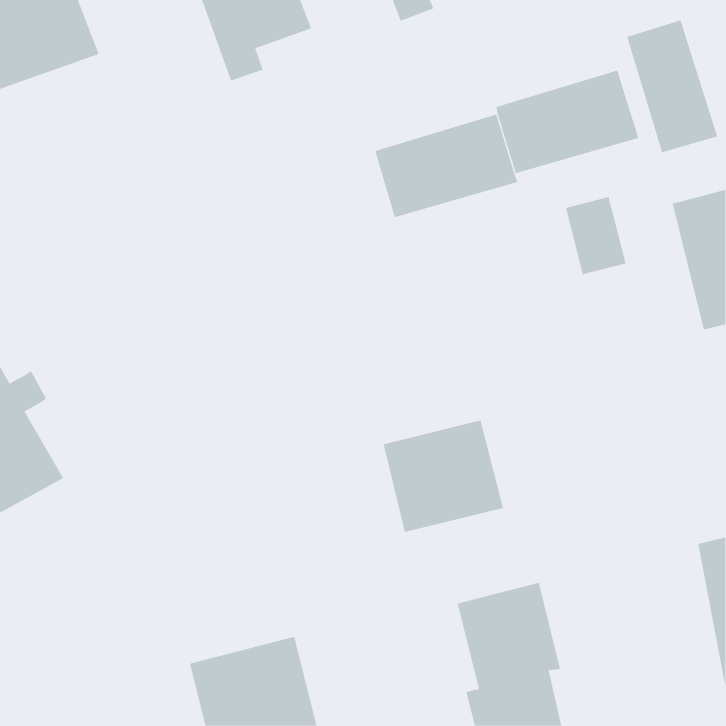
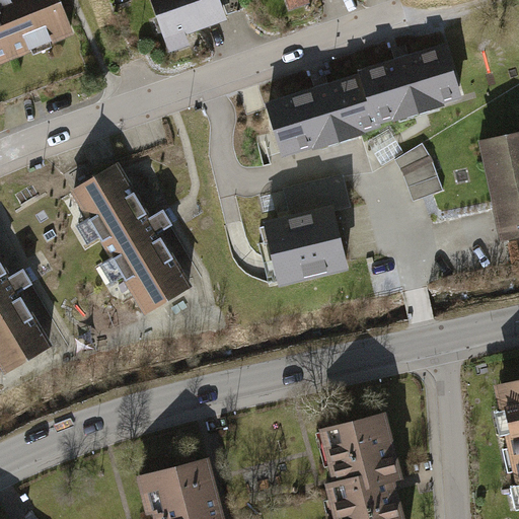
building: [627,20,718,153] -> none
building: none -> [72,165,188,307]
building: [383,420,504,532] -> [262,207,348,287]

